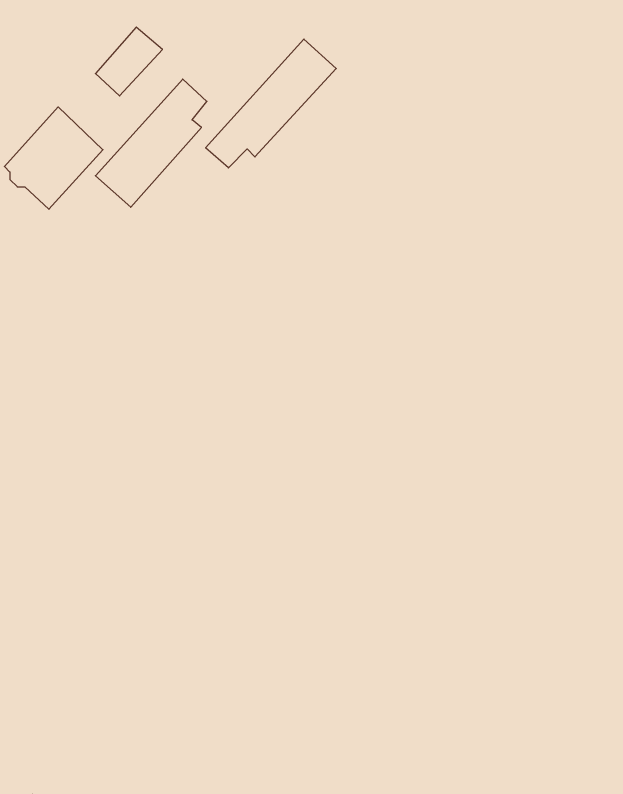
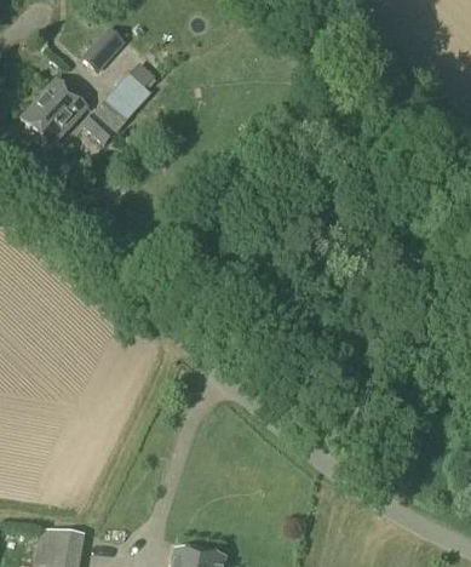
building: [206,39,336,168] -> none

